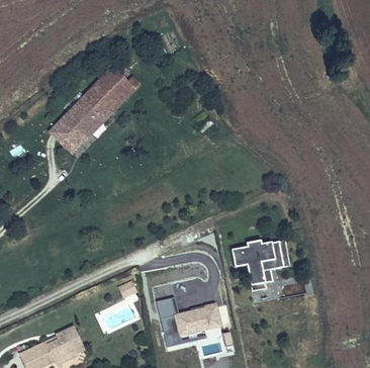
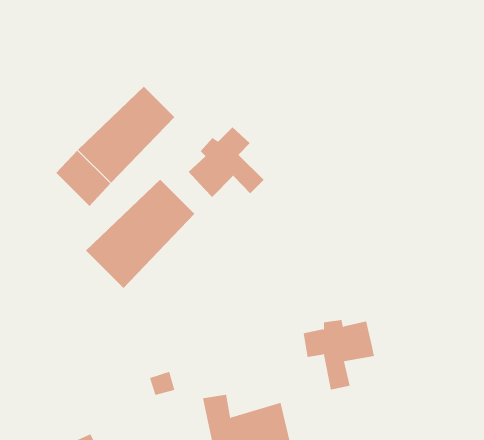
building: none -> [188,126,265,198]
building: none -> [85,179,195,289]

